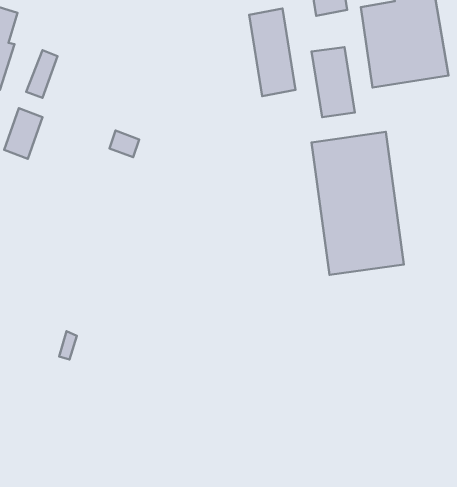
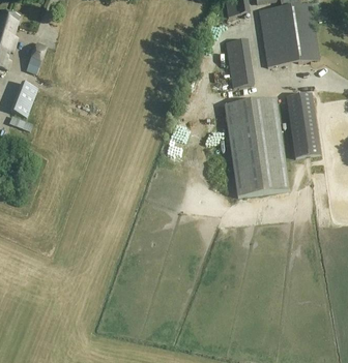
building: [249,8,296,96] -> none
building: none -> [285,91,320,157]

